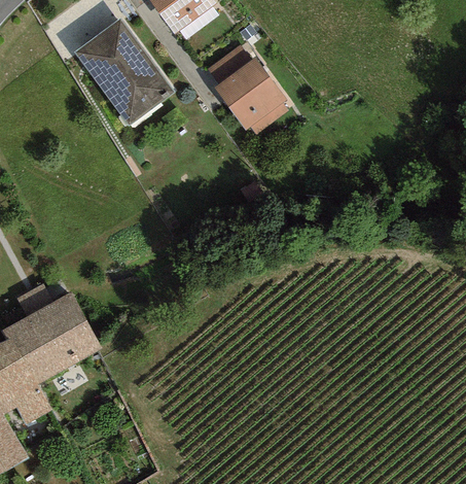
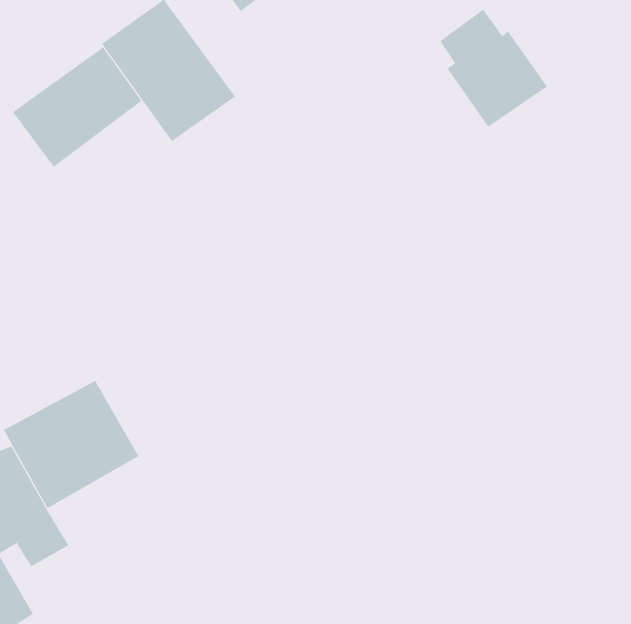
building: [209,43,285,127] -> [440,9,548,127]
building: none -> [12,46,142,167]

